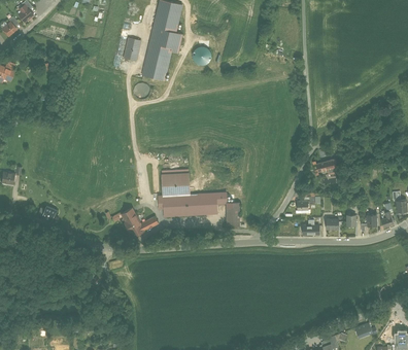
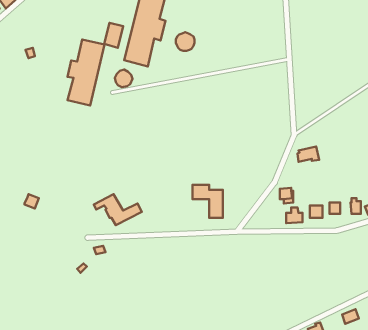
building: none -> [68,39,105,105]
building: [161,173,189,200] -> none
building: [159,205,196,223] -> none

